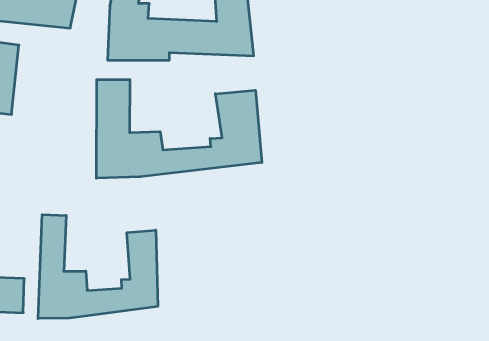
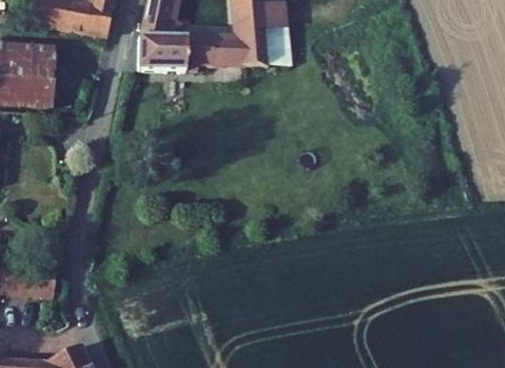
building: [96,80,262,178] -> none
building: [38,215,158,319] -> none

